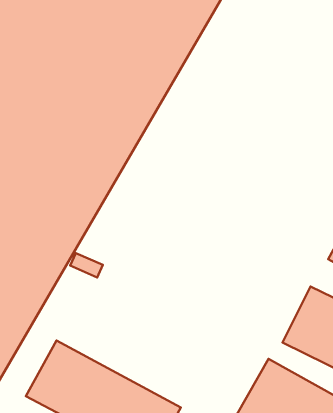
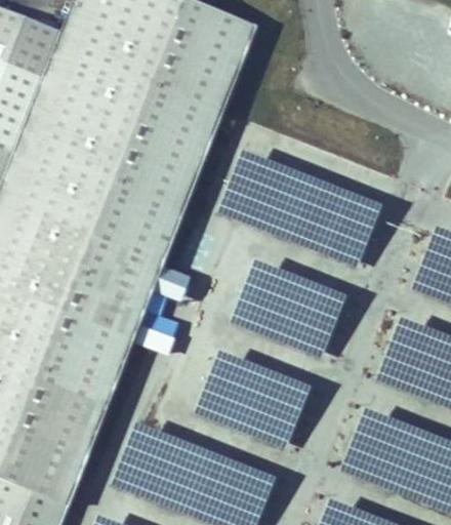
building: none -> [216,155,382,265]
building: none -> [229,259,347,358]
building: none -> [193,350,312,450]

